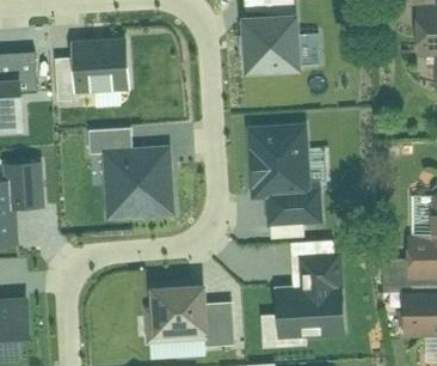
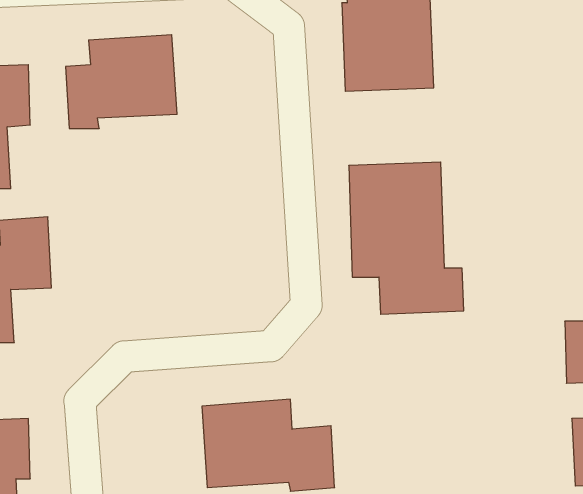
building: [92,128,179,220] -> none
building: [278,251,350,340] -> none

